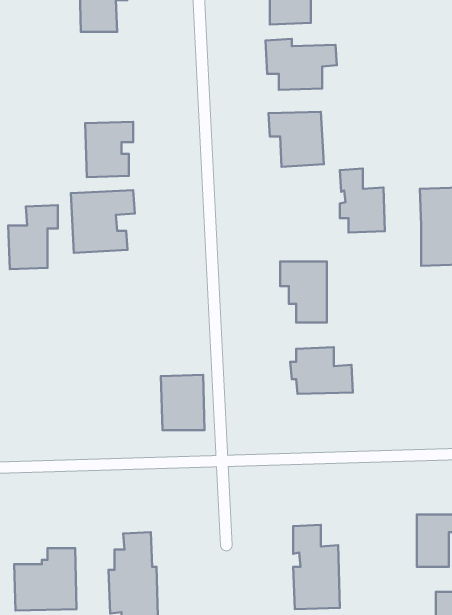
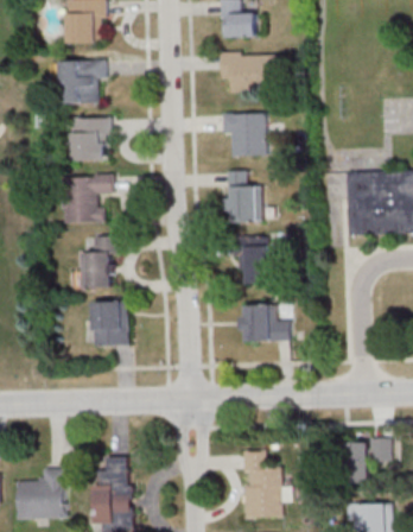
building: none -> [57,59,107,106]
building: [340,169,385,233] -> [227,169,263,221]
building: [8,205,58,269] -> [78,234,119,286]
building: [161,375,205,430] -> [91,299,127,344]

